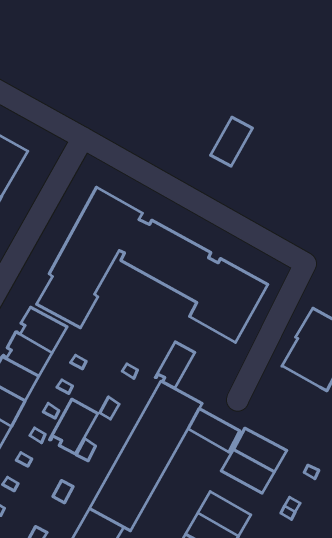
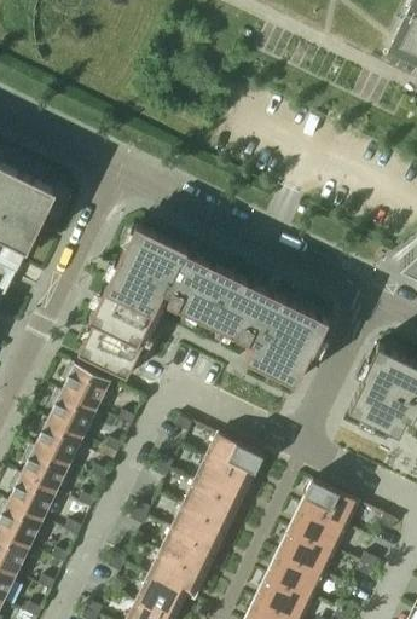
building: [210,117,252,166] -> none
building: [155,342,195,388] -> none
building: [49,399,98,454] -> none
building: [188,409,240,452] -> [278,530,335,575]

